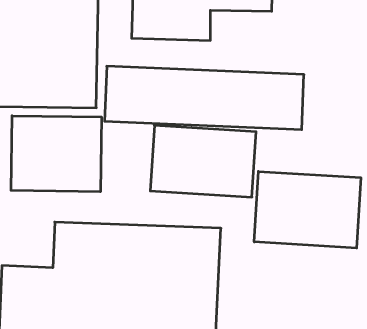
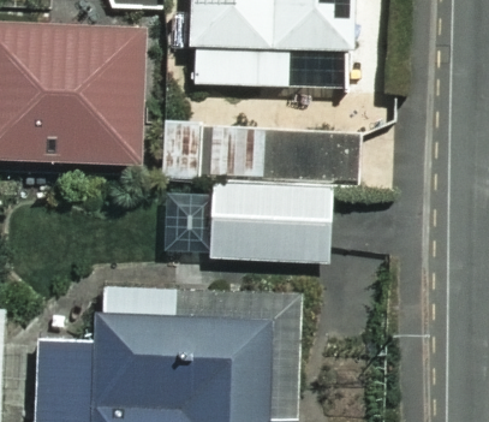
building: [11,116,101,192] -> none
building: [254,171,361,248] -> none

